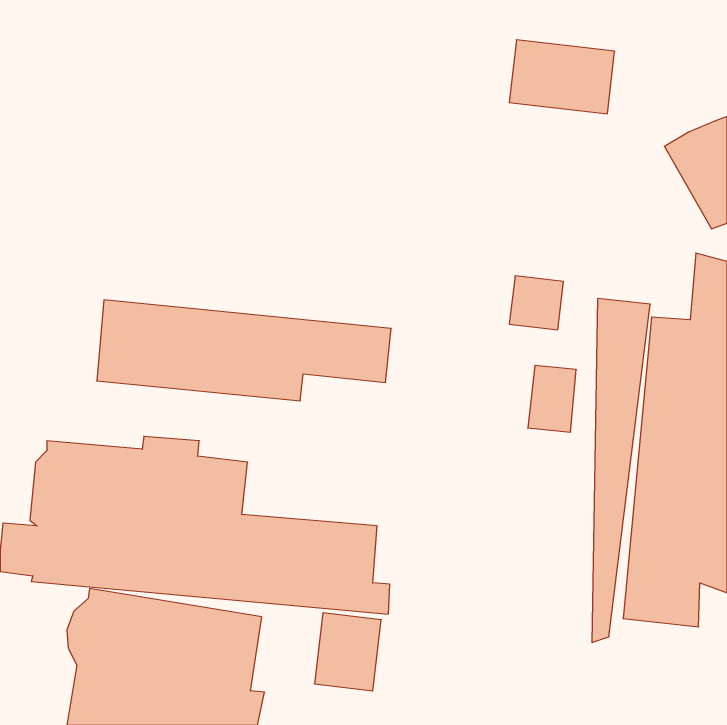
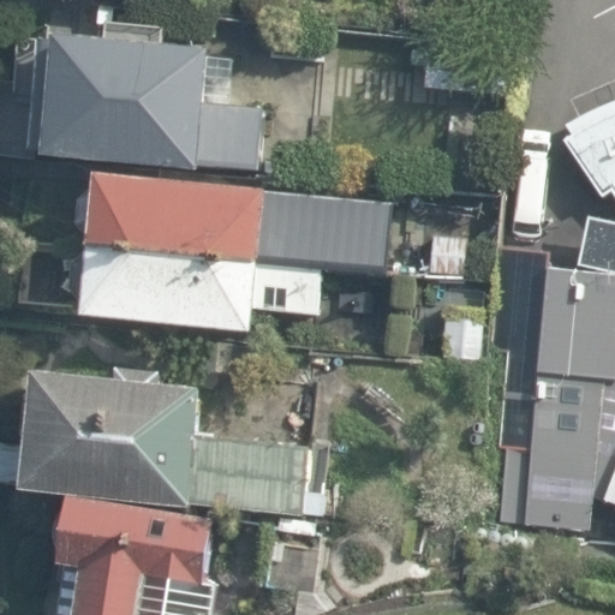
building: none -> [29,20,270,171]
building: none -> [80,175,389,275]

